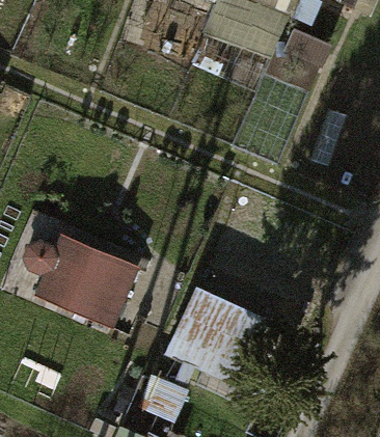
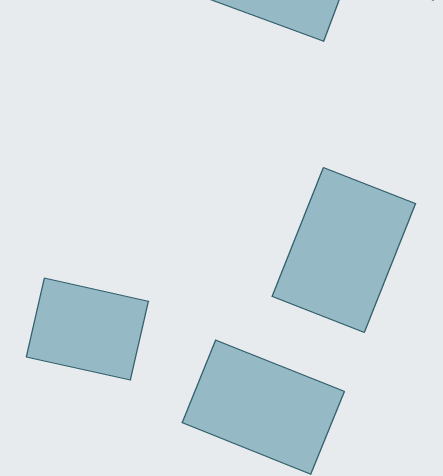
building: none -> [272,168,416,332]

